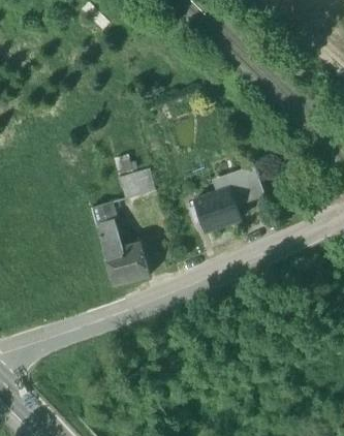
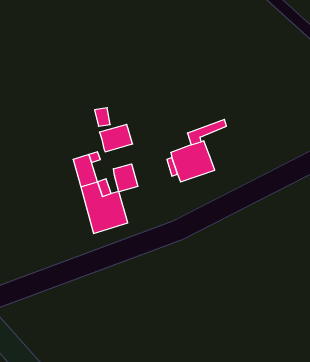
building: [226,164,263,205] -> none
building: none -> [113,164,138,192]

